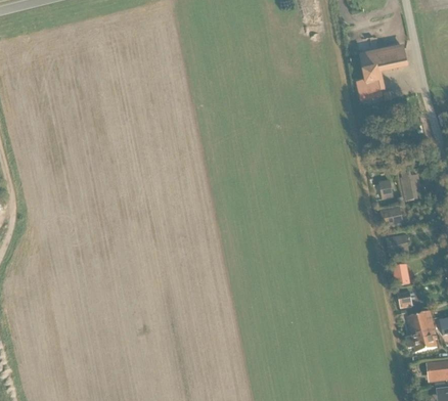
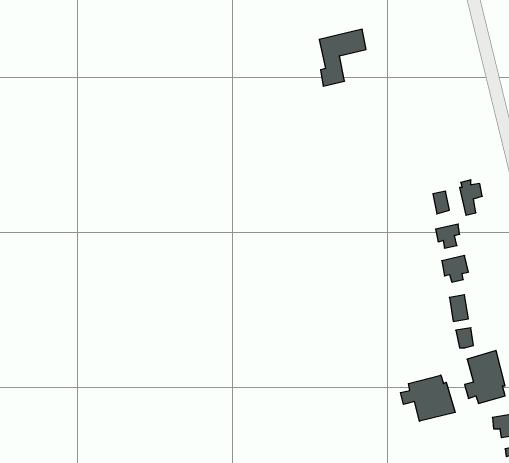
building: [360,48,398,94] -> [319,29,366,86]
building: none -> [400,375,455,421]

